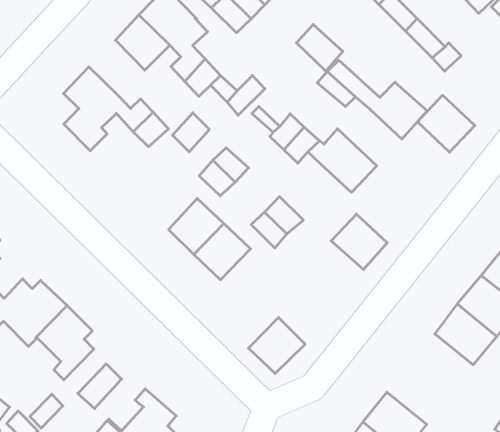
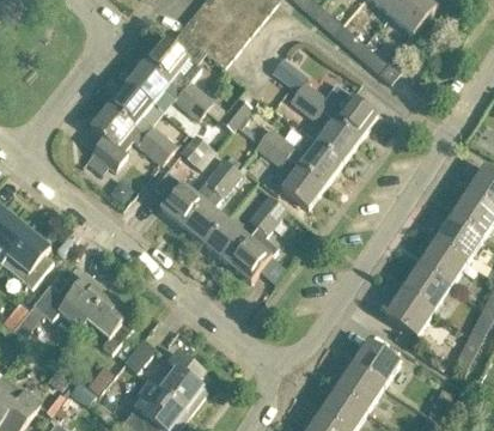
building: none -> [108,83,152,126]
building: [417,95,475,152] -> [313,119,359,163]
building: none -> [159,182,202,227]
building: [331,214,387,270] -> [279,165,323,208]
building: [248,317,305,374] -> [226,237,270,281]
building: none -> [382,291,431,338]

